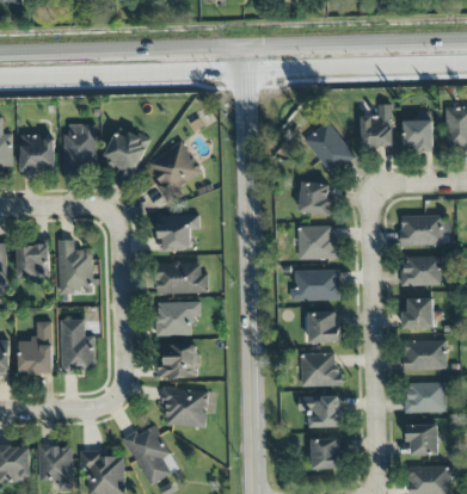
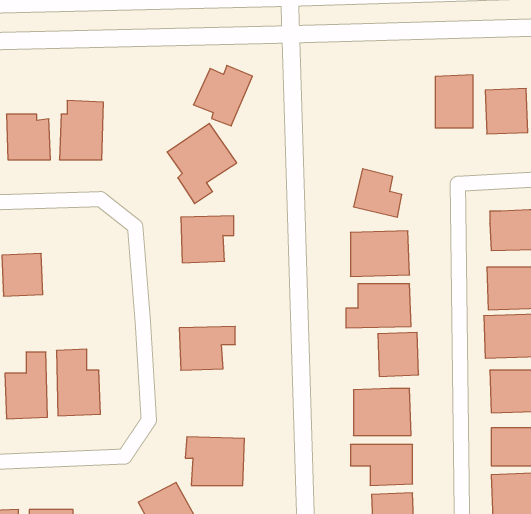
building: [305,119,352,169] -> none
building: [103,131,149,179] -> [193,65,252,126]
building: [57,240,93,295] -> none
building: [156,263,208,295] -> none
building: [156,345,197,378] -> none

